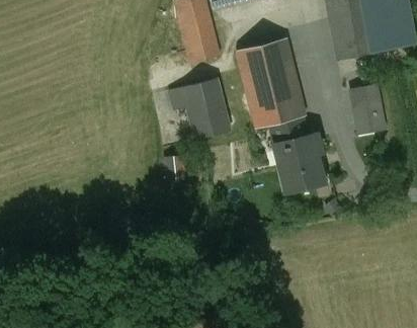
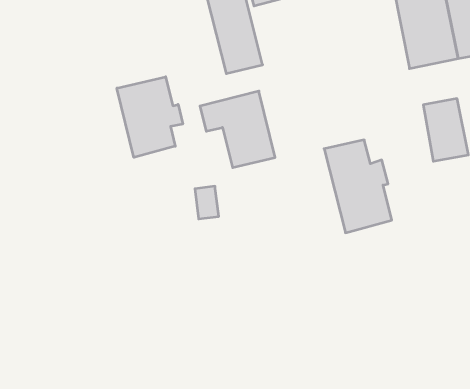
building: [238,38,306,128] -> none
building: none -> [117,77,183,157]

